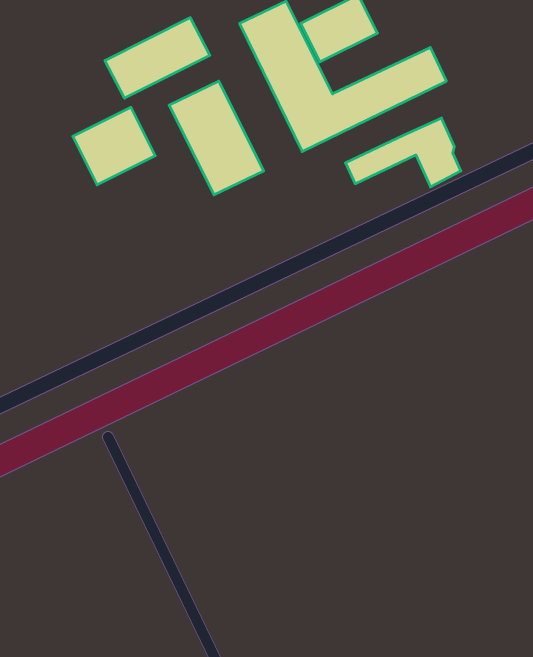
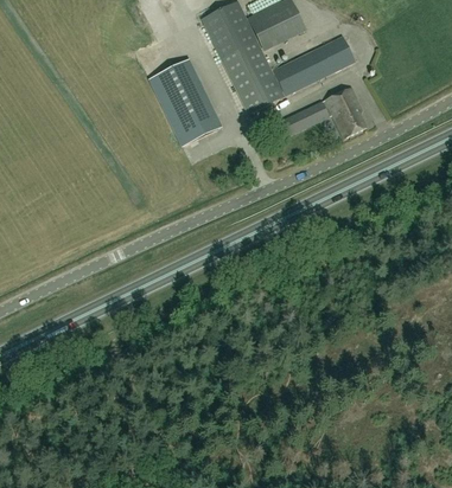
building: [105,18,210,98] -> none
building: [73,107,155,185] -> none

